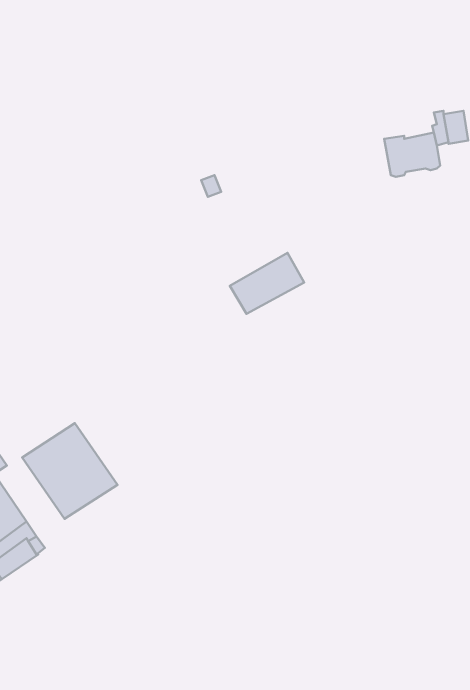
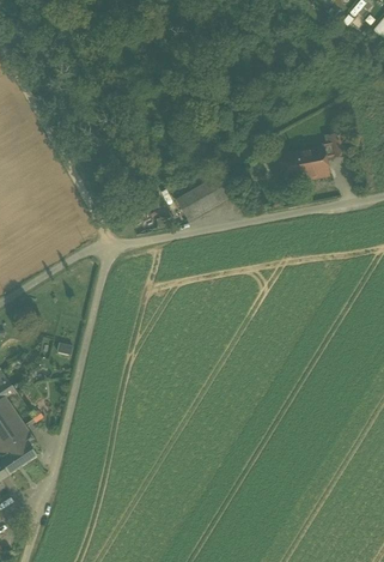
building: [230,253,304,314] -> [176,175,230,219]
building: [22,423,117,519] -> none

